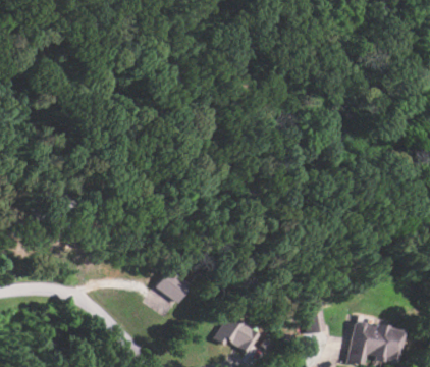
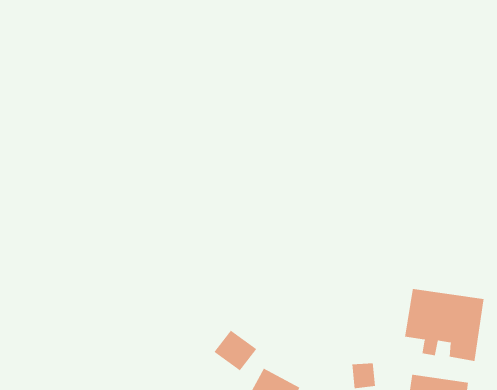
building: none -> [404,288,484,362]
building: [156,269,193,304] -> [213,330,257,371]

